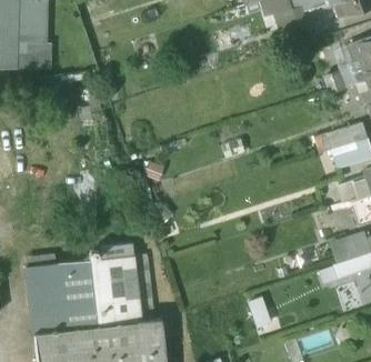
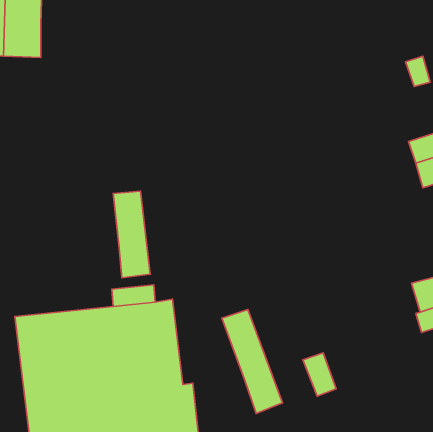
building: none -> [113,191,150,278]
building: none -> [222,310,283,413]

